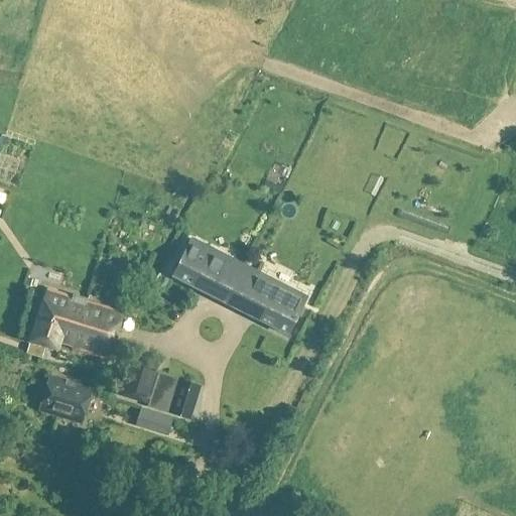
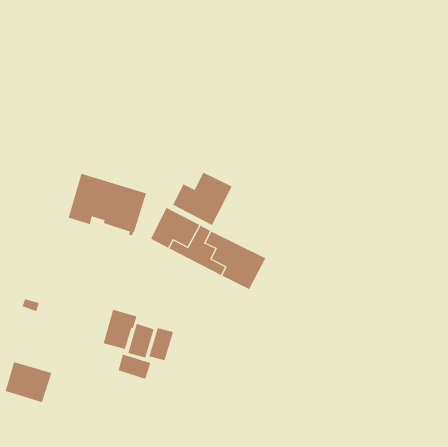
building: none -> [173,172,233,226]
building: [31,288,122,361] -> [68,173,147,236]
building: [38,375,93,422] -> [5,361,52,403]

